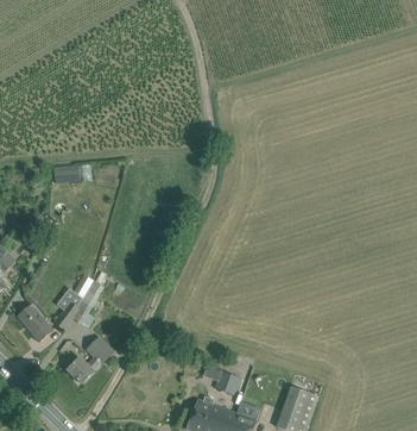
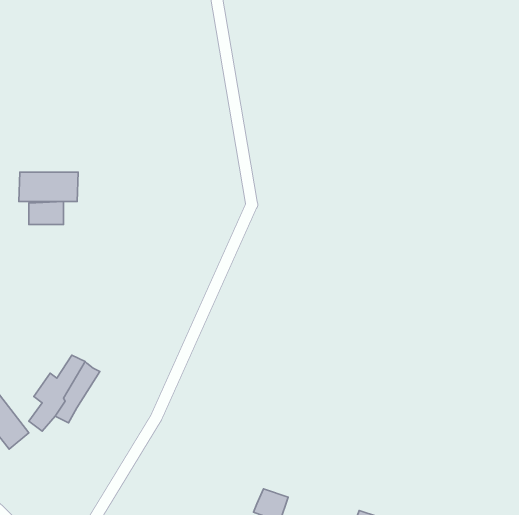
building: none -> [19,172,78,201]
building: [67,337,112,382] -> none

